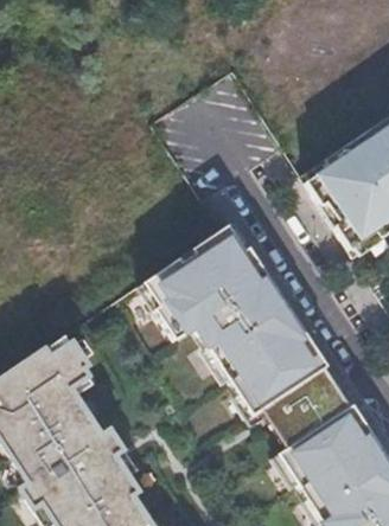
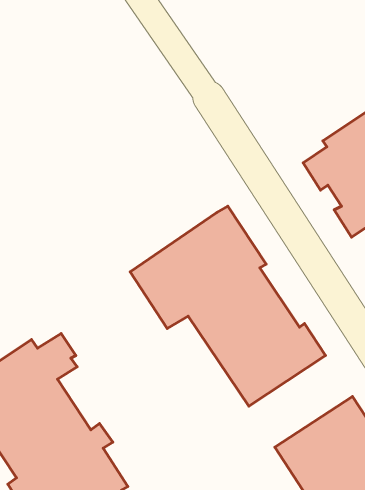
building: [255,363,355,450] -> none

